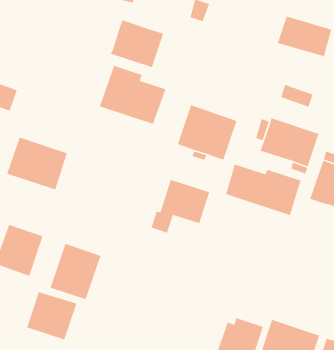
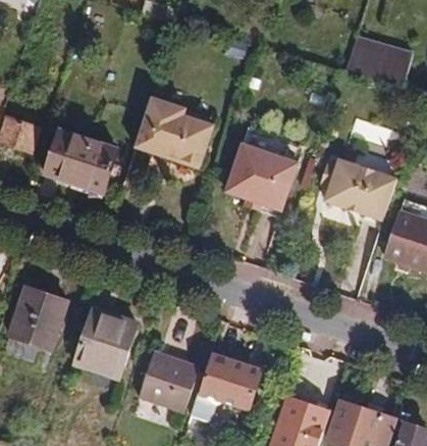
building: [110,19,164,68] -> none
building: [6,137,68,190] -> [44,129,117,193]
building: [225,164,301,216] -> none
building: [150,179,210,234] -> [190,354,261,419]
building: [26,291,78,341] -> [139,351,200,410]

